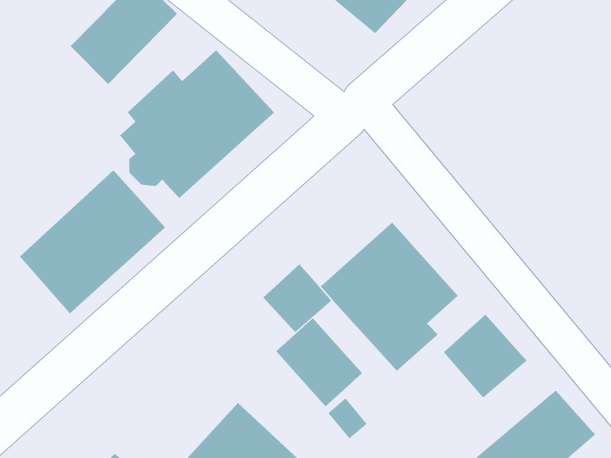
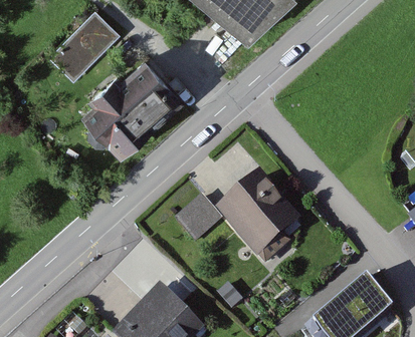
building: [19,169,166,314] -> none
building: [443,314,528,399] -> none
building: [276,317,363,407] -> none

